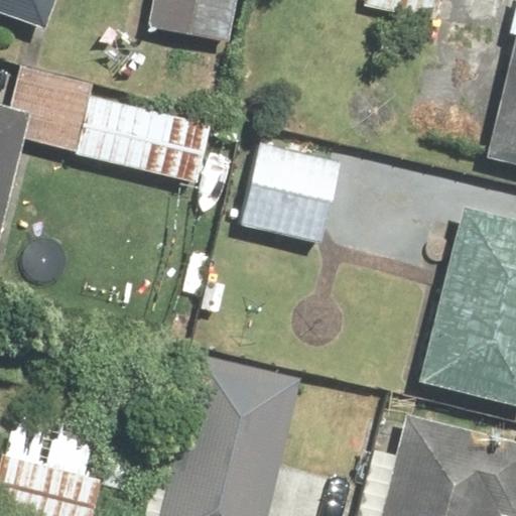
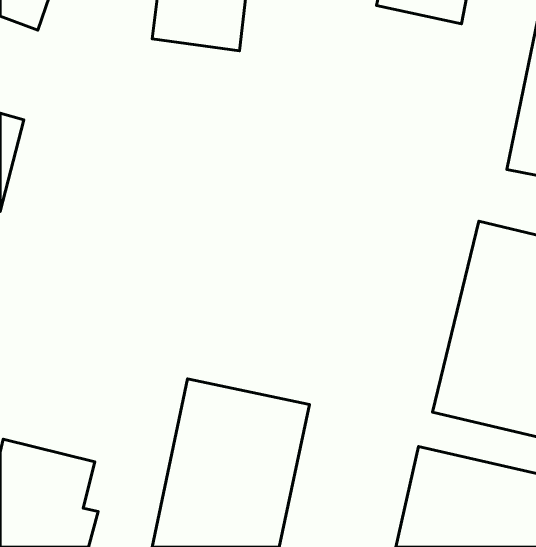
building: [77,93,214,186] -> none
building: [238,140,343,246] -> none

